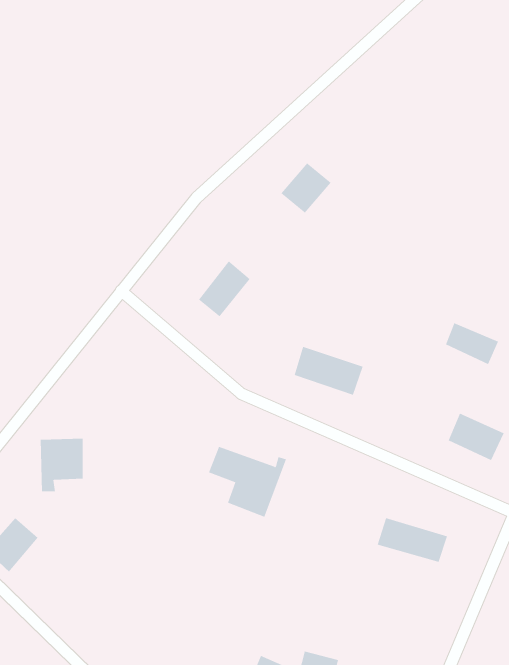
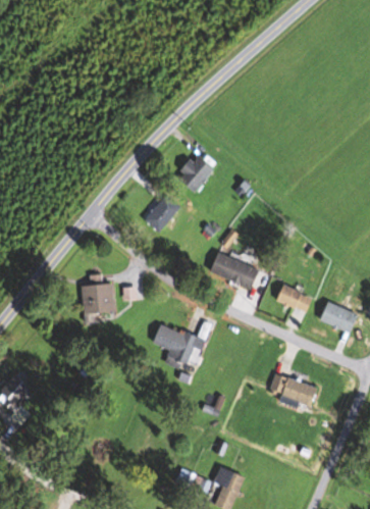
building: [281,163,331,213] -> [179,152,215,188]
building: [445,323,499,365] -> [276,284,314,313]
building: [40,438,83,492] -> [83,284,113,321]

